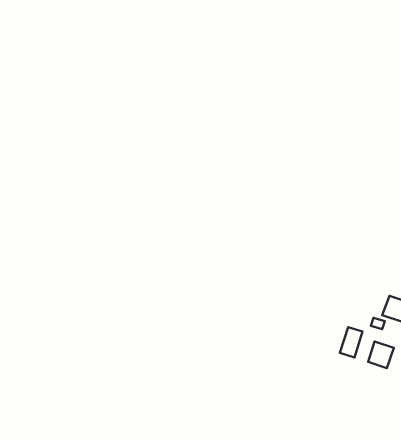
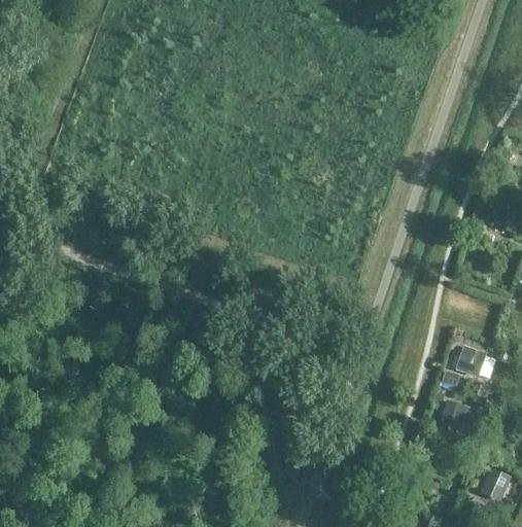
building: [340,327,362,357] -> none

